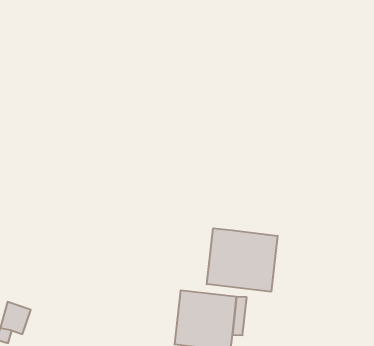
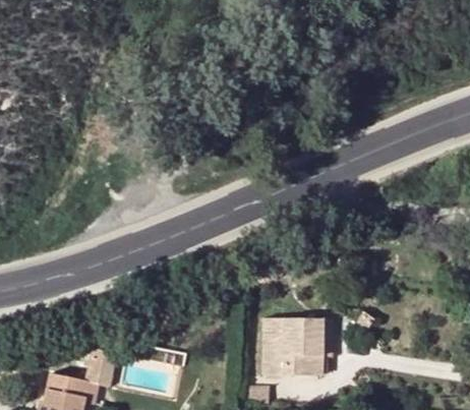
building: [207,228,278,292] -> none

